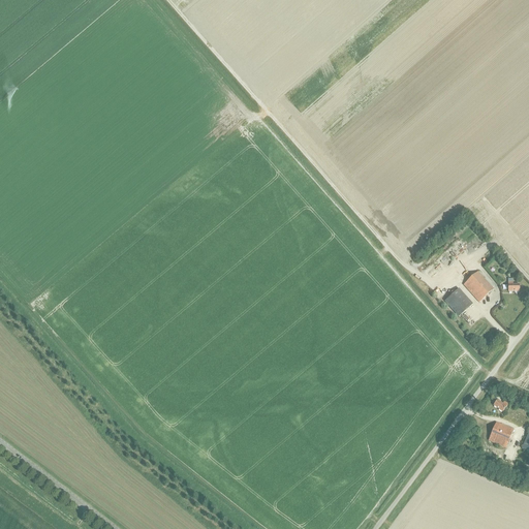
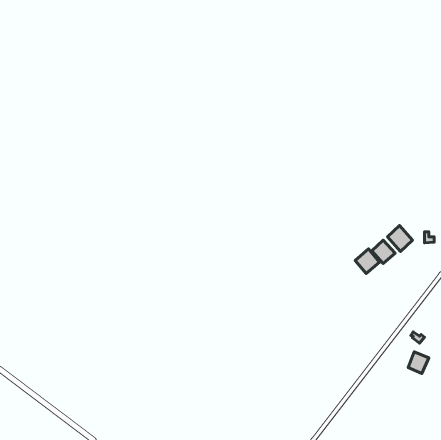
building: none -> [355,249,380,274]

